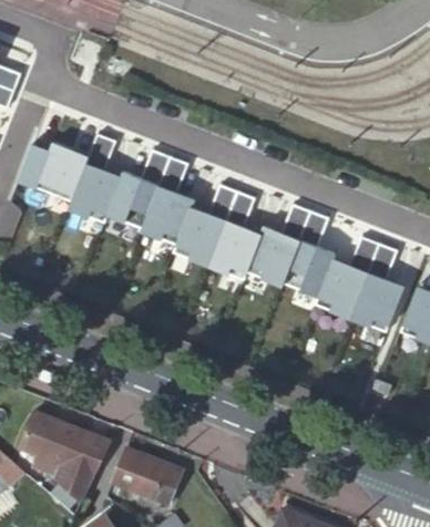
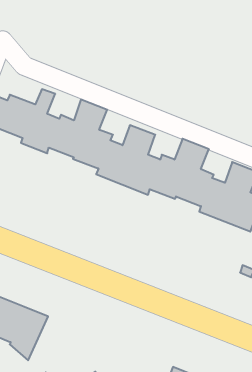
building: [109,455,180,518] -> none

